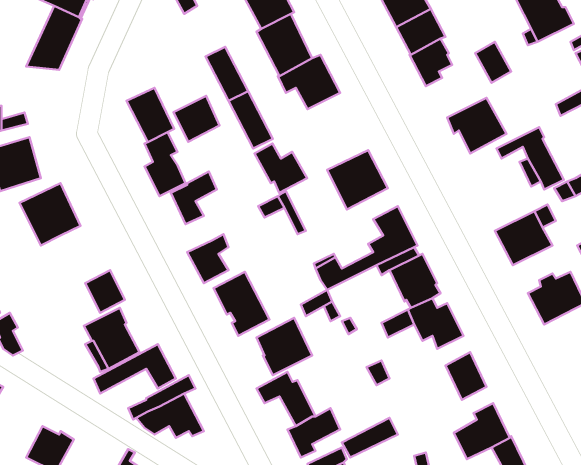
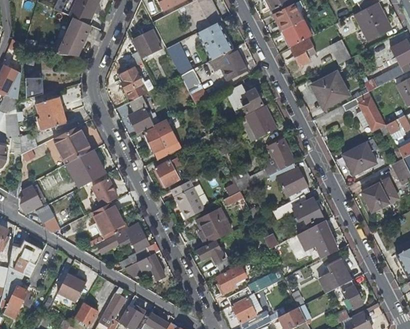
building: [173,96,219,142] -> [133,29,161,57]
building: [254,144,307,193] -> [231,83,263,113]
building: none -> [66,148,107,186]

